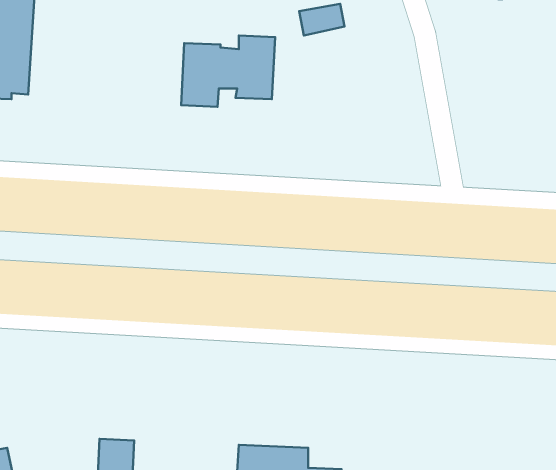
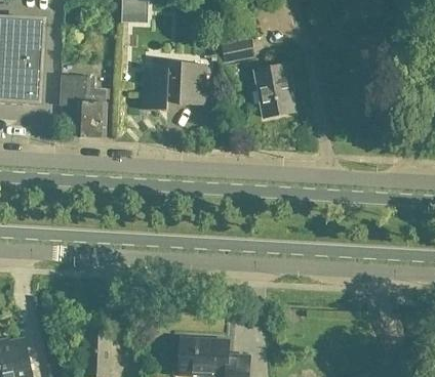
building: none -> [253,64,292,116]
building: none -> [57,74,105,136]

